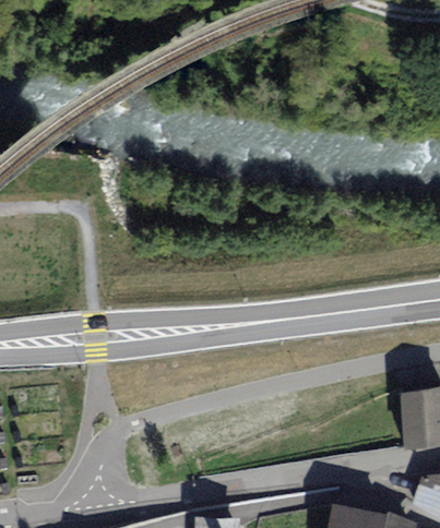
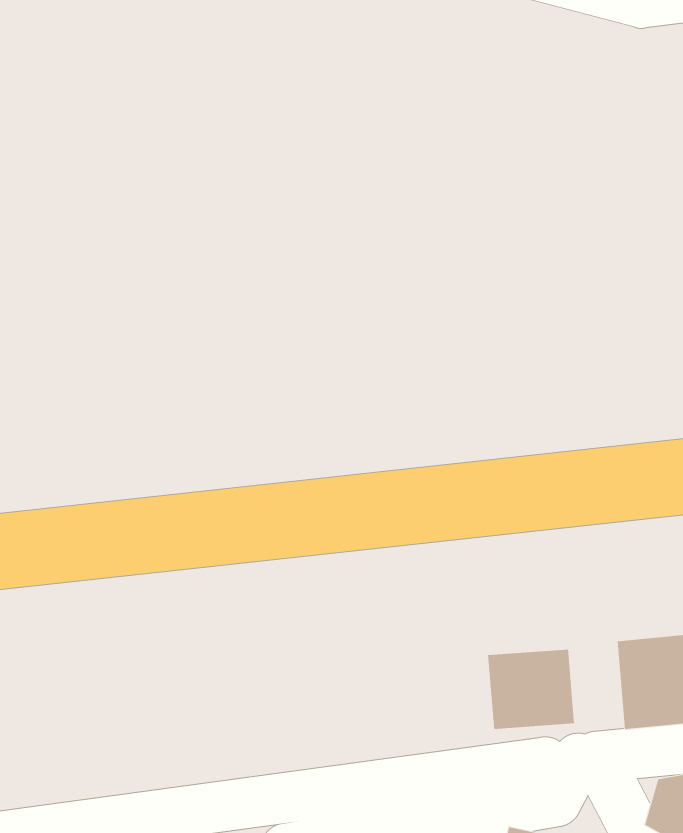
building: none -> [488,649,575,730]

